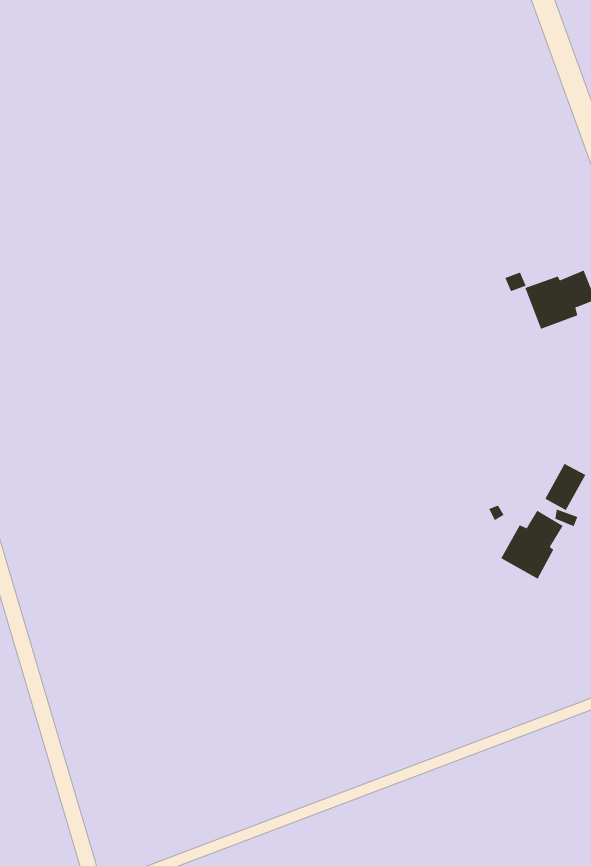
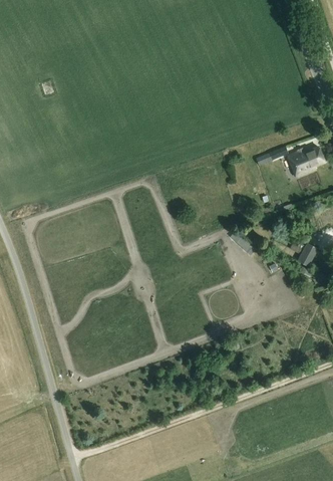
building: [501,510,564,580] -> none

